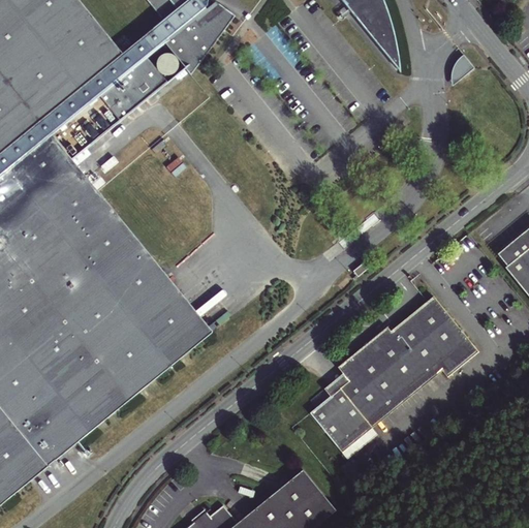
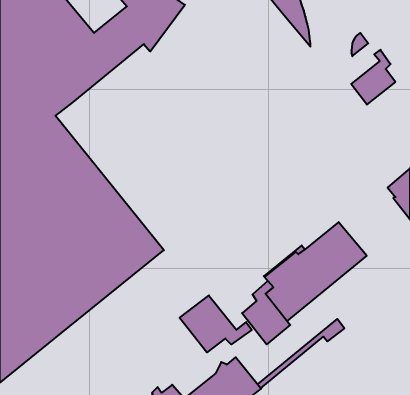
building: none -> [351,50,395,105]
building: [369,340,480,429] -> [258,319,344,388]
building: none -> [180,295,252,352]

